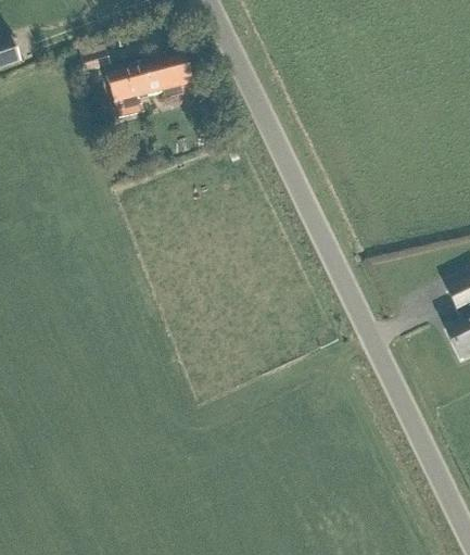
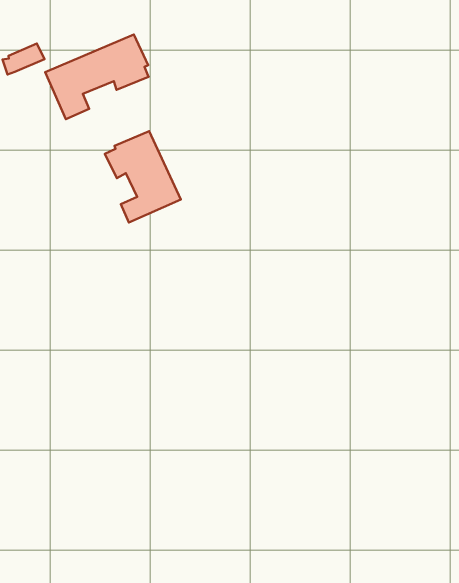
building: none -> [105,131,181,222]

